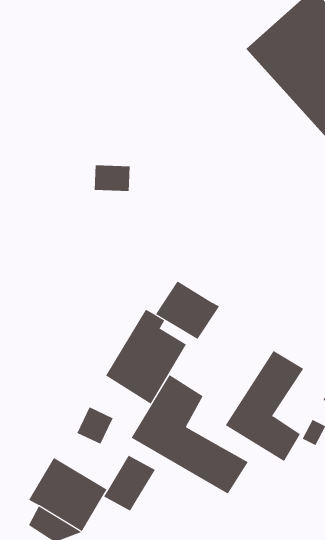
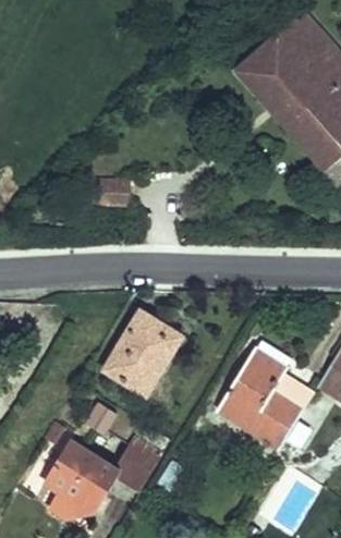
building: [155,281,220,340] -> none
building: [131,374,248,494] -> none
building: none -> [265,382,306,425]

